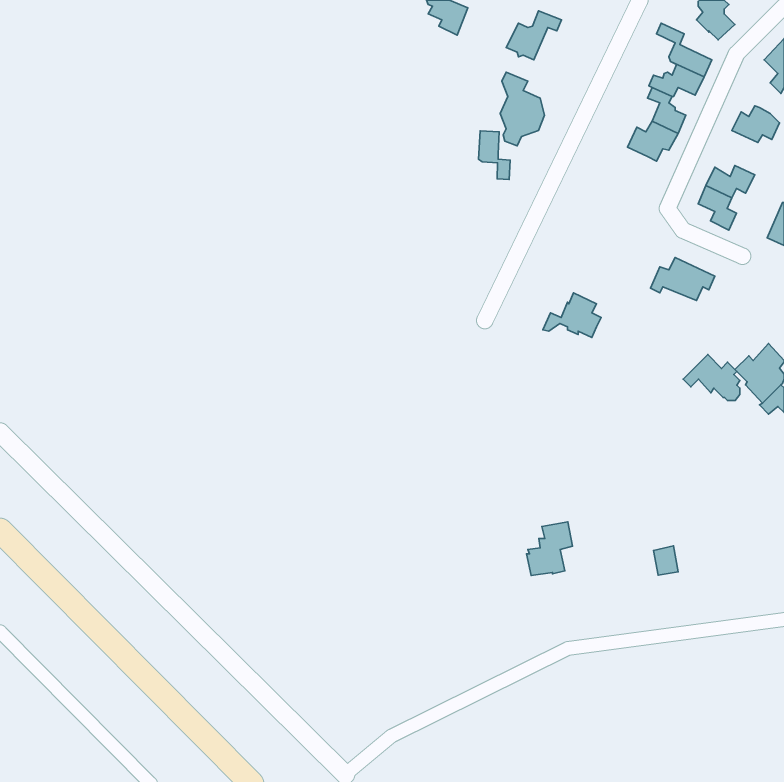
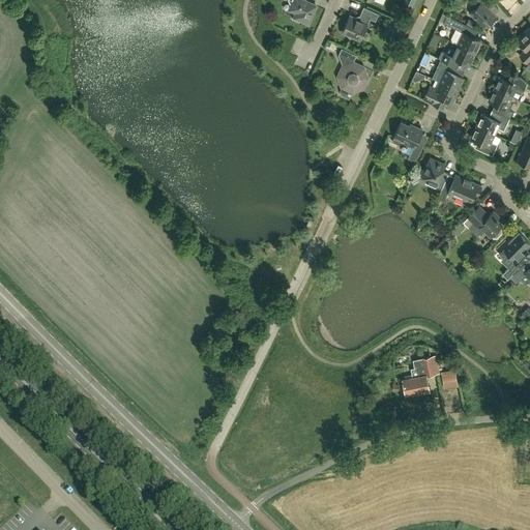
building: none -> [489,89,512,119]
building: [479,131,510,180] -> none
building: none -> [392,123,424,164]
building: [543,293,601,337] -> [409,158,448,188]
building: [683,355,740,401] -> [463,207,501,238]
building: [526,522,572,575] -> [403,358,434,394]

